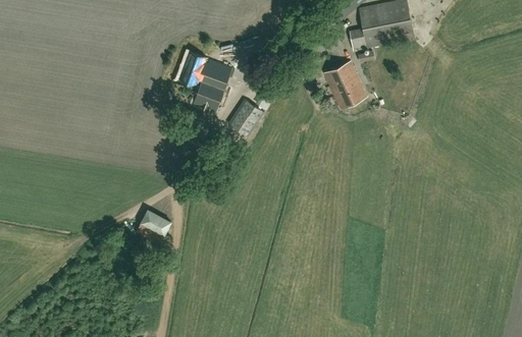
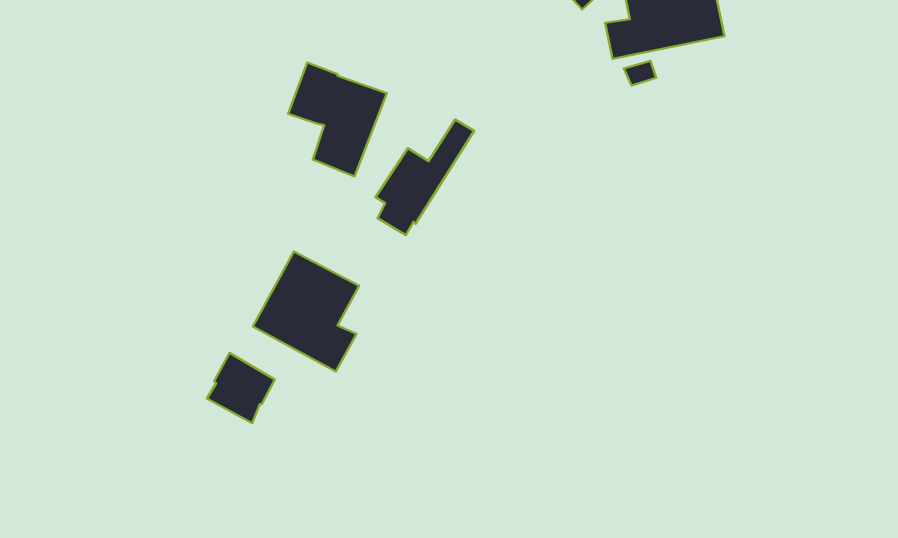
building: [324,61,367,109] -> none
building: none -> [253,251,359,372]

